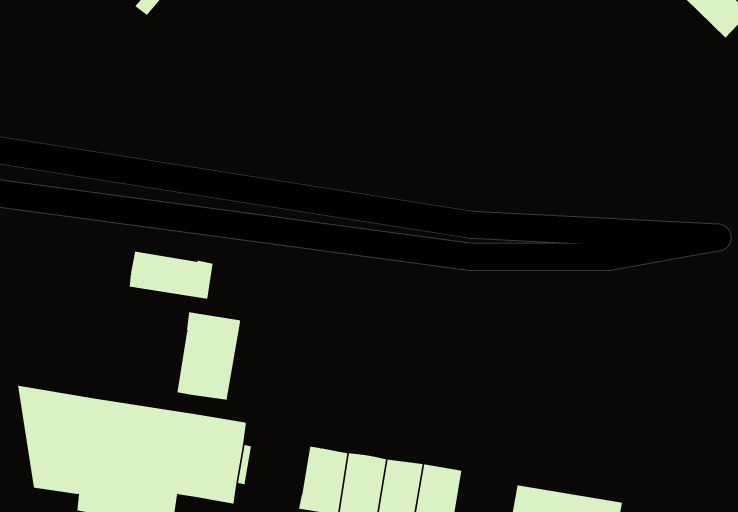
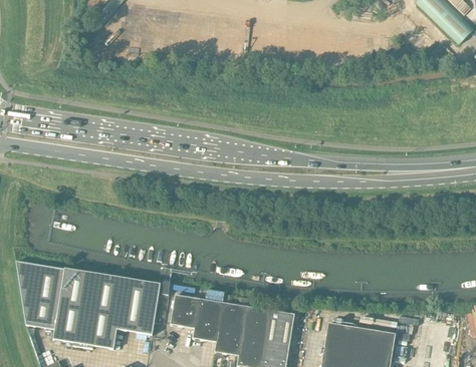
building: [129,251,213,300] -> none
building: [177,311,241,401] -> none
building: none -> [171,295,200,329]

